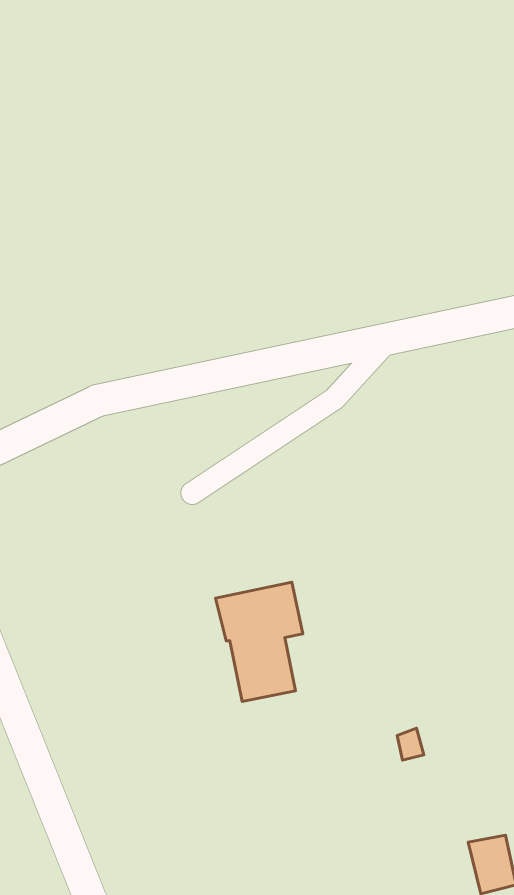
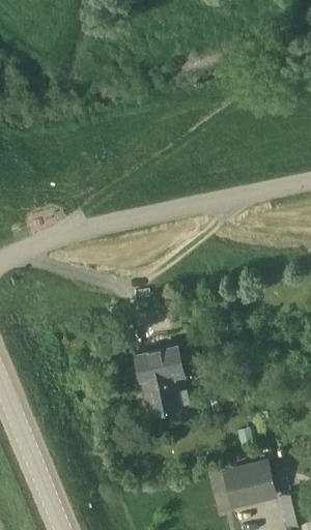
building: none -> [225,462,277,508]

